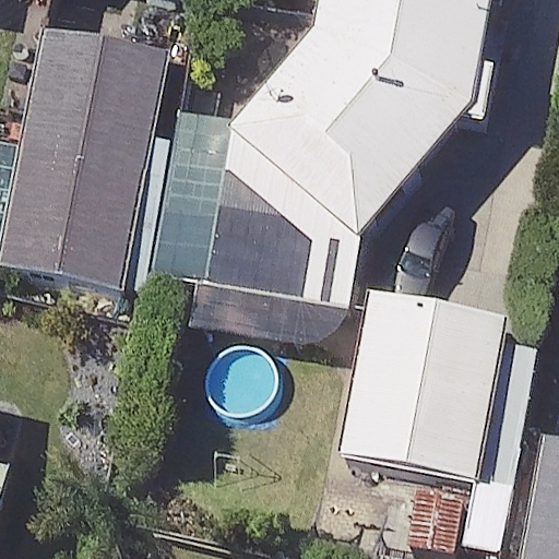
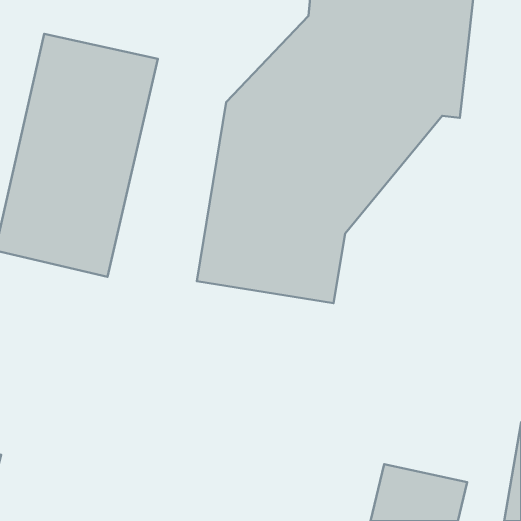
building: [343,294,503,480] -> none

